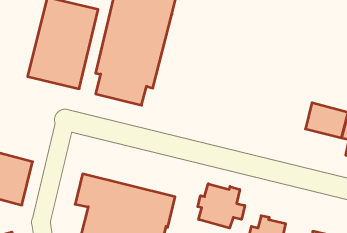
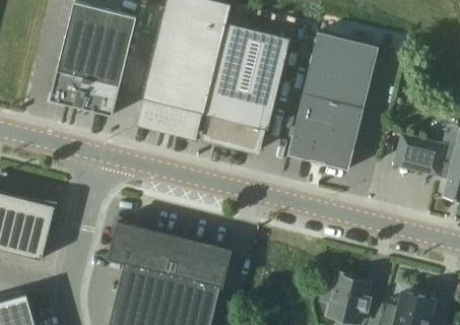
building: none -> [203,23,290,152]
building: none -> [287,31,379,170]
building: [198,184,245,228] -> none

